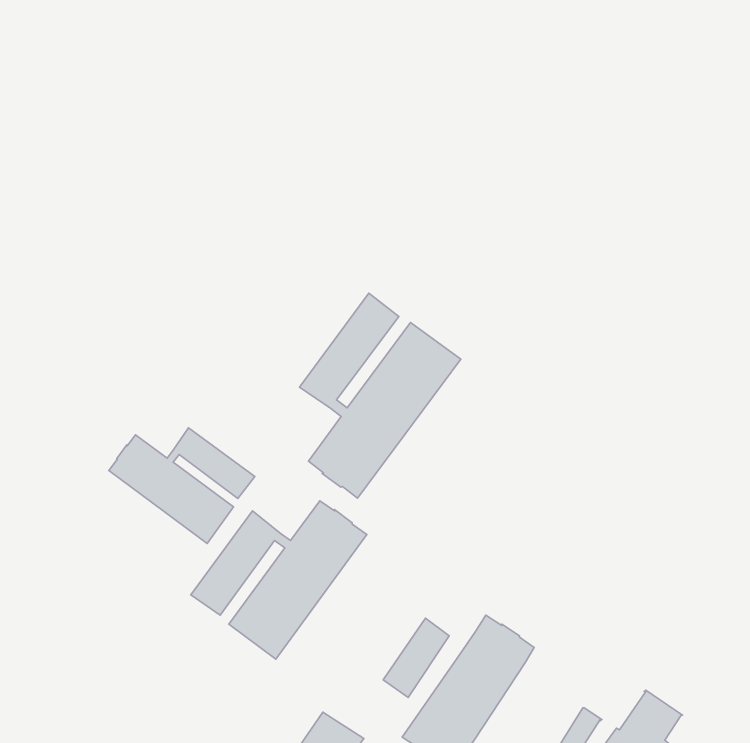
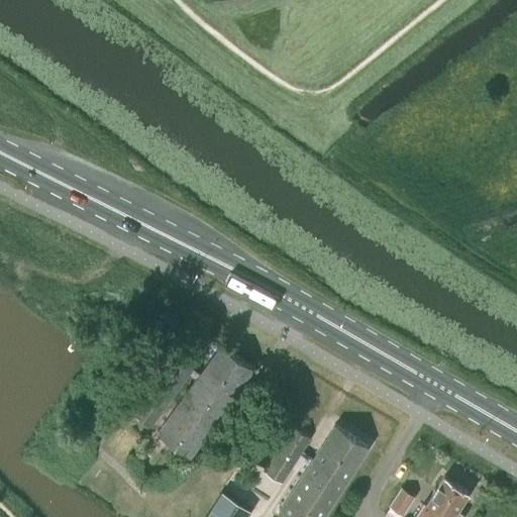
building: [300,293,461,498] -> none
building: [109,428,255,544] -> none

